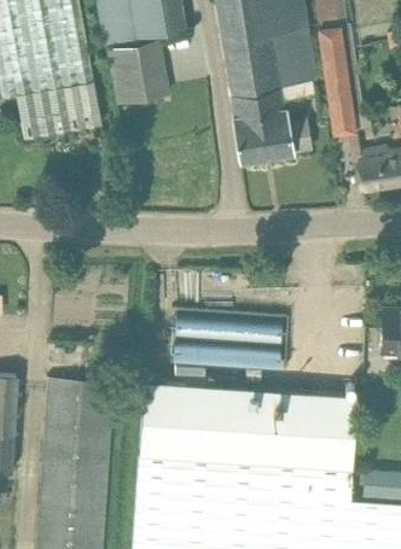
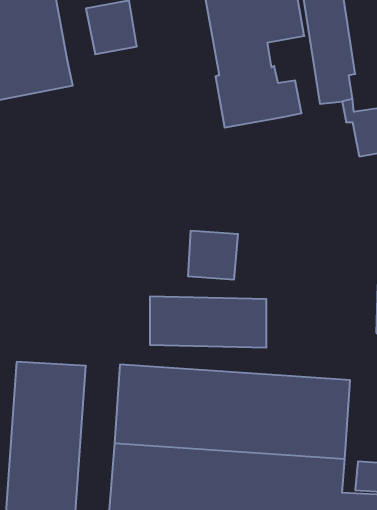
building: none -> [188,231,238,280]

